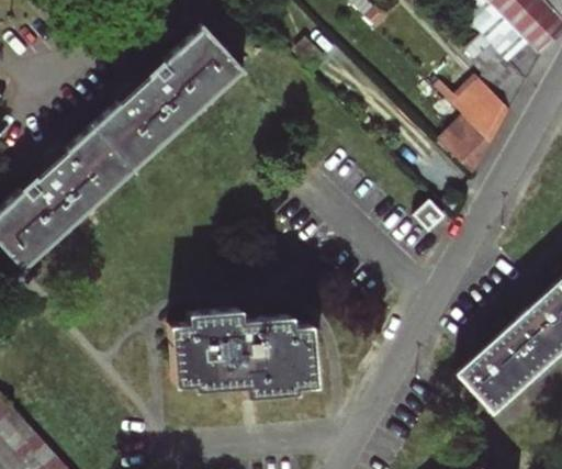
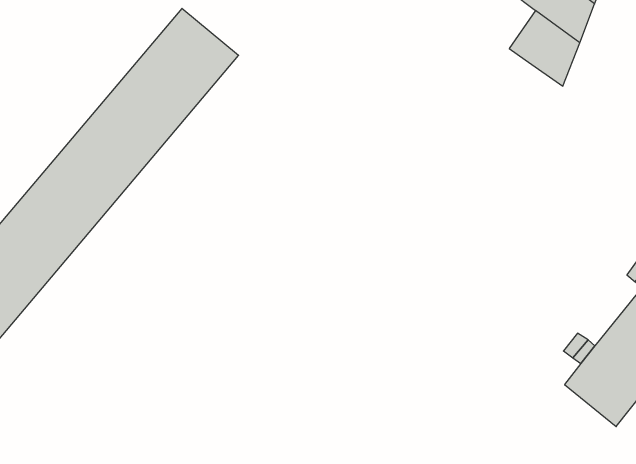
building: [441,116,493,175] -> none
building: [171,309,315,395] -> none

